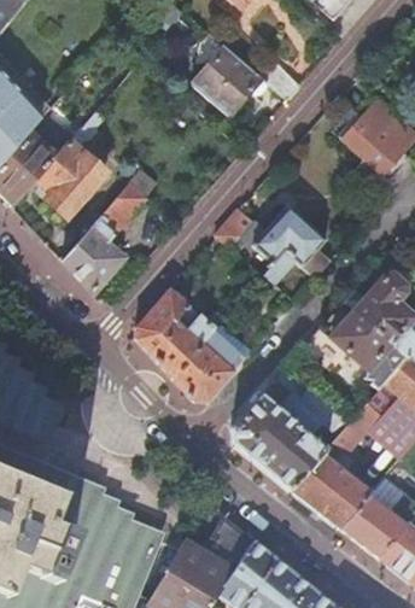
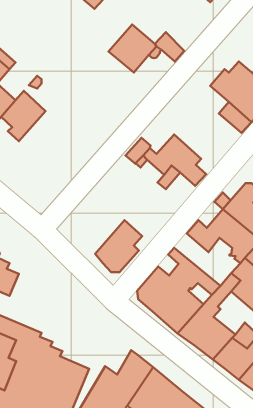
building: [63,183,145,293] -> none
building: [134,288,217,376] -> none

